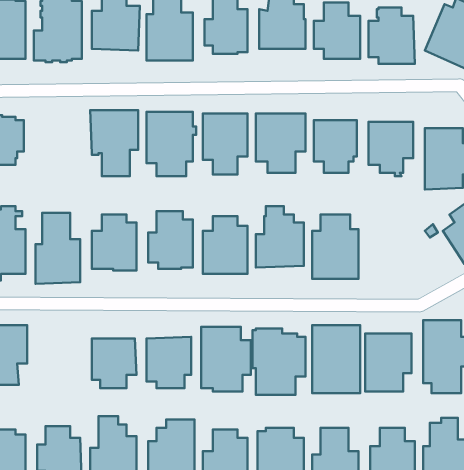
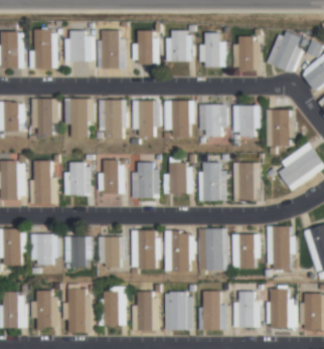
building: none -> [30,99,57,136]
building: none -> [233,163,262,202]
building: none -> [30,234,57,266]

